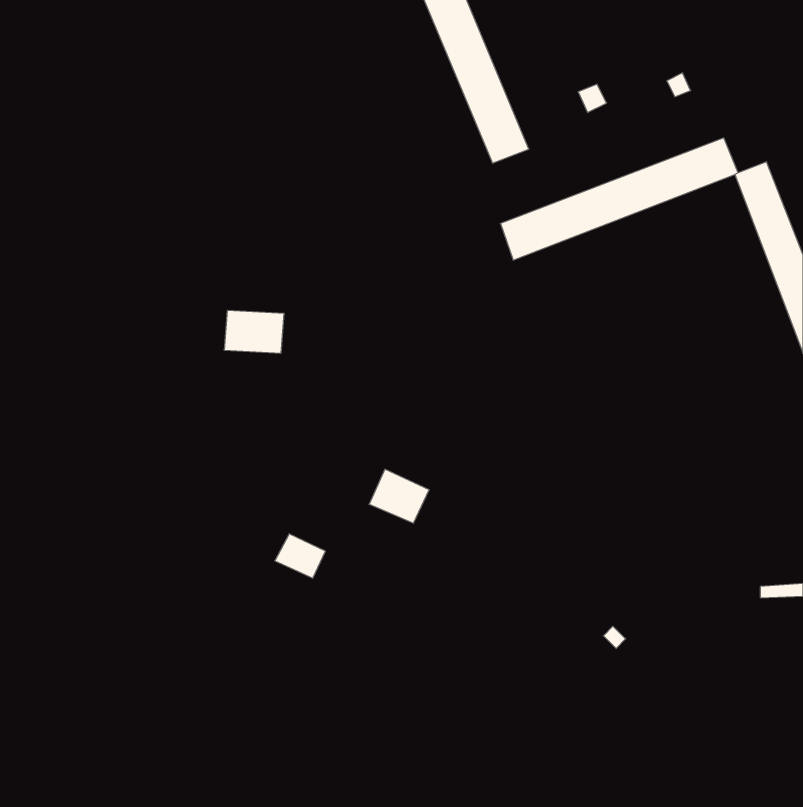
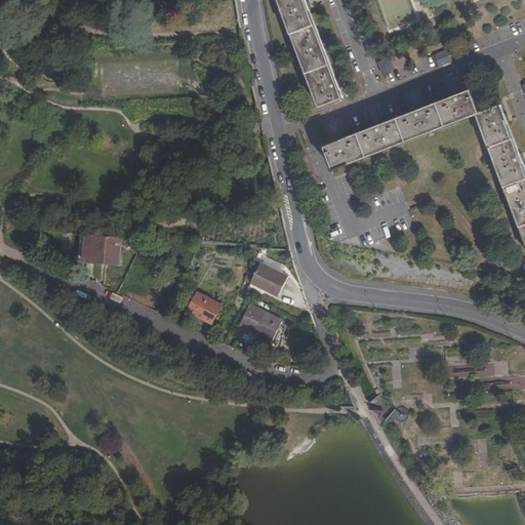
building: [224,310,284,353] -> [80,233,119,260]
building: none -> [248,259,287,294]
building: [275,534,325,578] -> [189,291,221,320]

